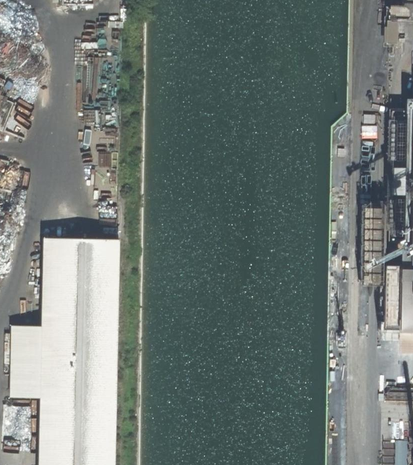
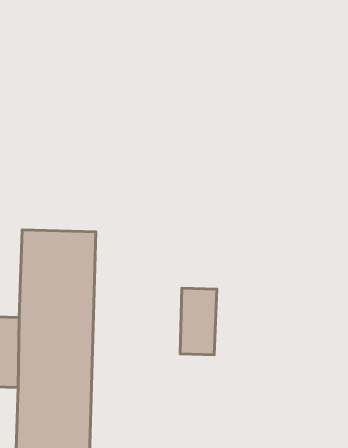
building: none -> [180,288,217,355]

